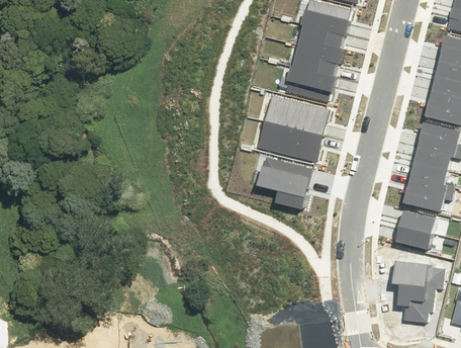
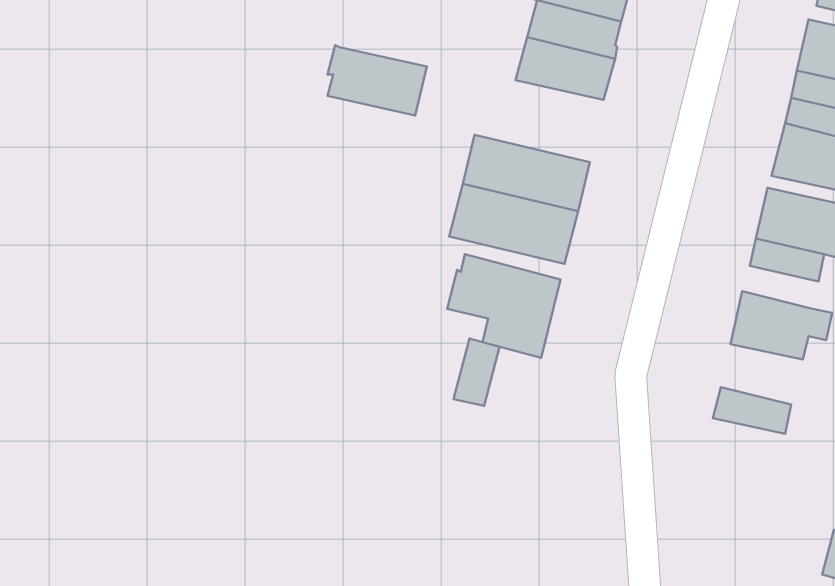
building: [285,65,337,101] -> [327,45,427,115]
building: [408,162,448,184] -> none
building: none -> [453,339,499,406]
building: [397,209,438,234] -> none
building: [390,259,446,322] -> none

